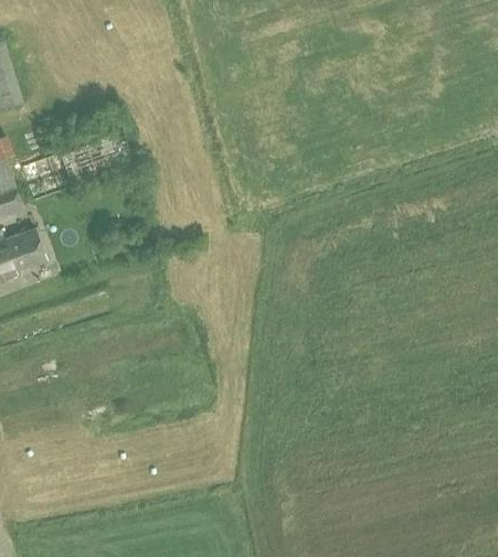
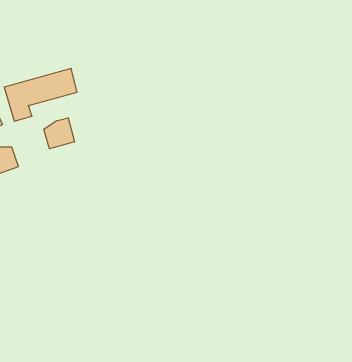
building: none -> [44,118,75,149]

